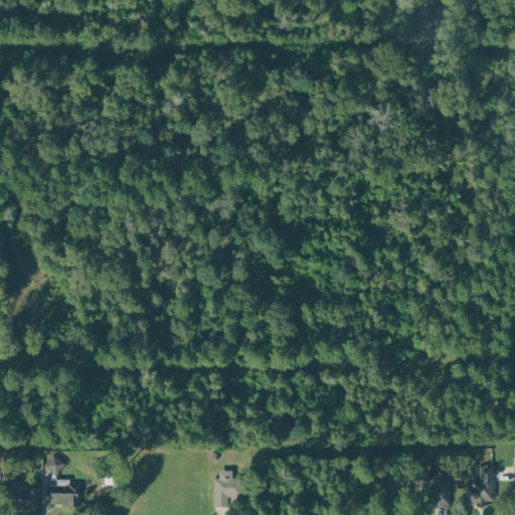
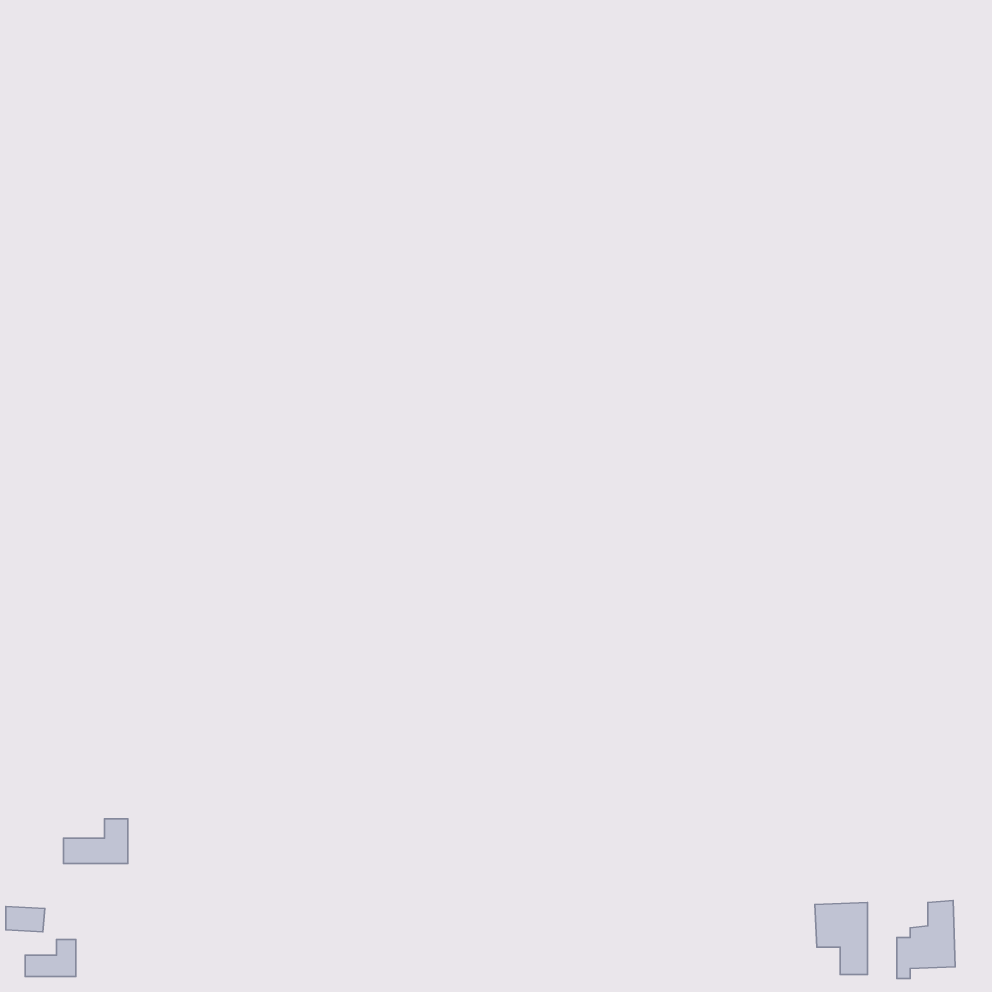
building: [214,471,239,508] -> none
building: [47,484,80,507] -> [64,819,128,864]

